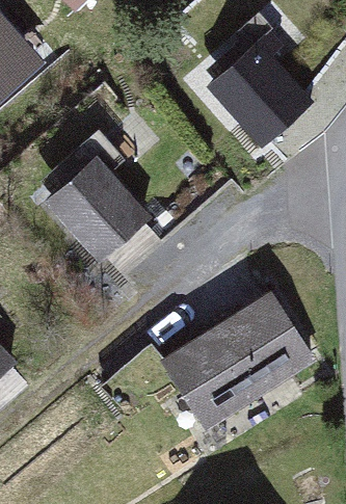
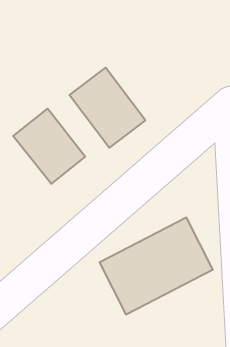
building: [214,45,313,149] -> [69,68,145,148]

